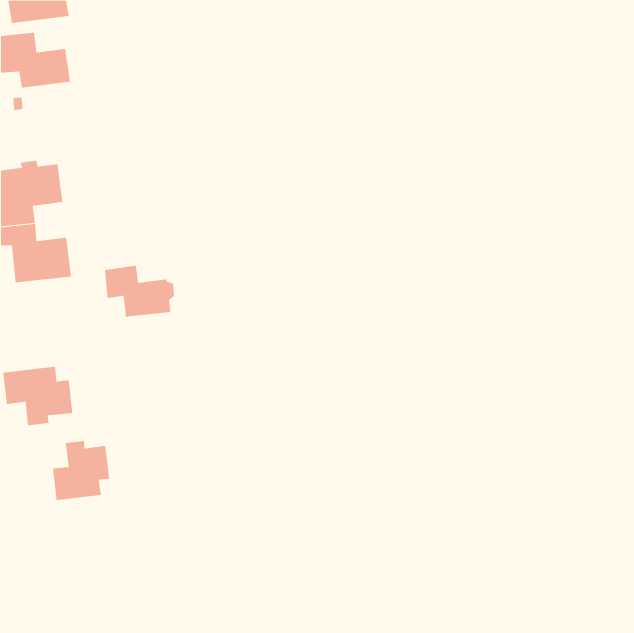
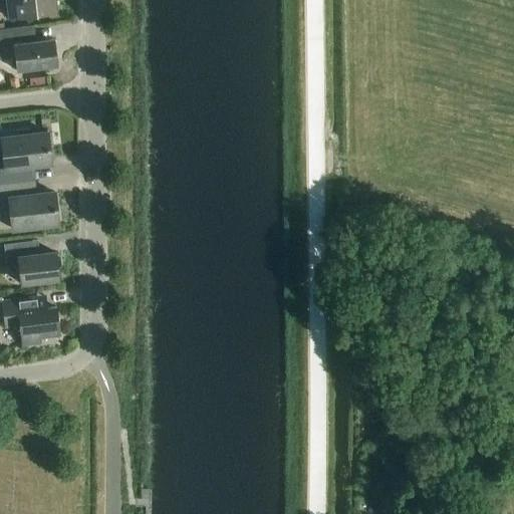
building: [104,265,175,317] -> [4,242,61,284]
building: [52,440,110,501] -> none

